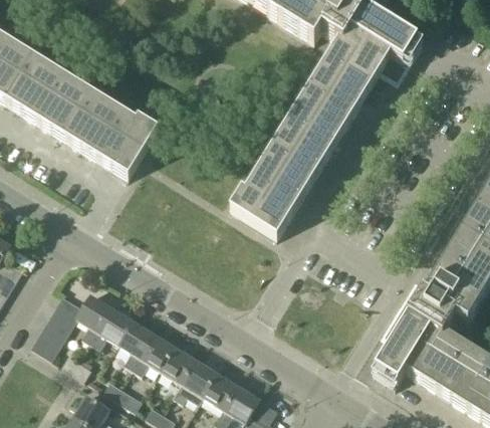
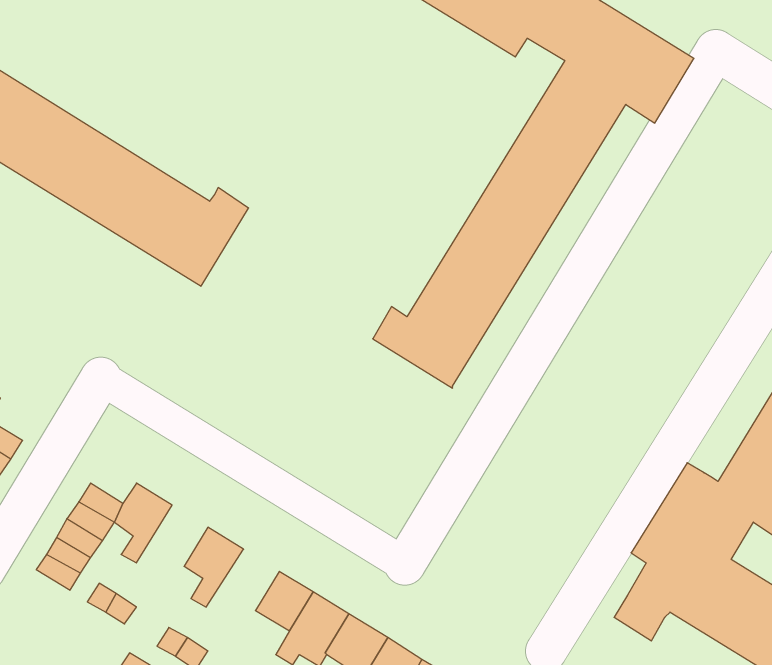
building: [89,304,132,345] -> none
building: [131,331,174,371] -> none

